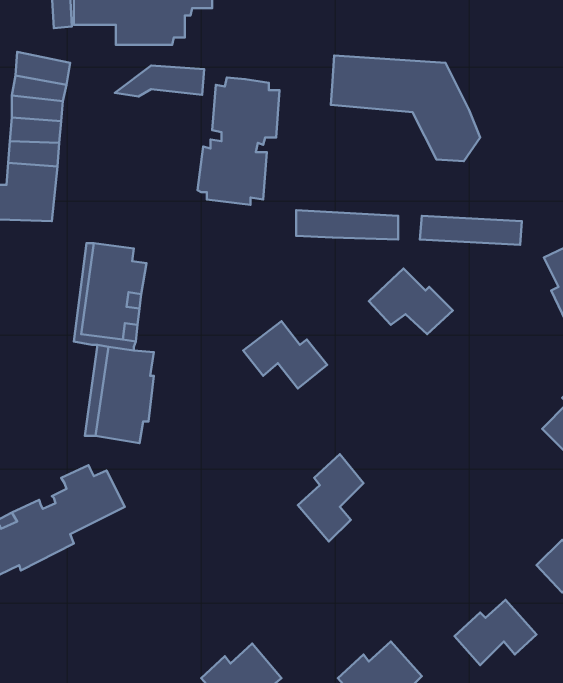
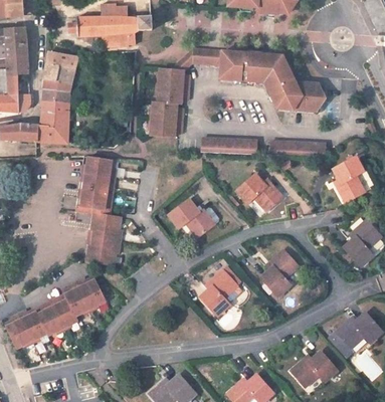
building: [115,66,204,97] -> [173,49,222,66]
building: none -> [294,81,327,111]
building: none -> [263,249,301,296]

